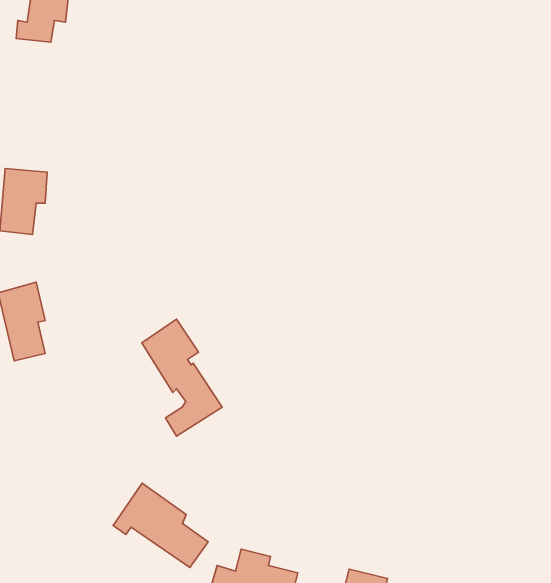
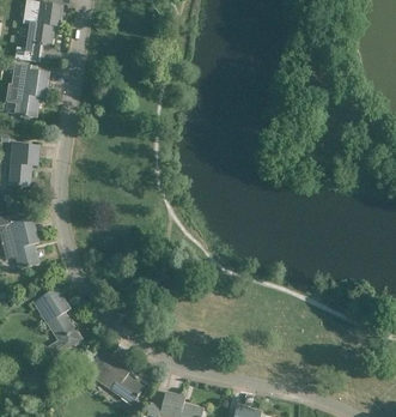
building: none -> [13,64,48,116]
building: [142,319,222,436] -> [32,286,85,363]

